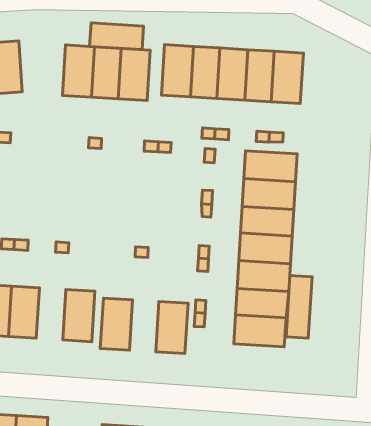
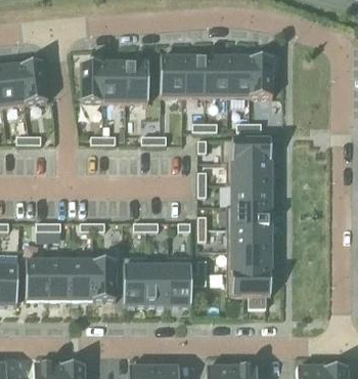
building: [90,23,143,50] -> none
building: [286,276,312,338] -> none
building: none -> [71,259,92,300]
building: none -> [146,264,168,305]

